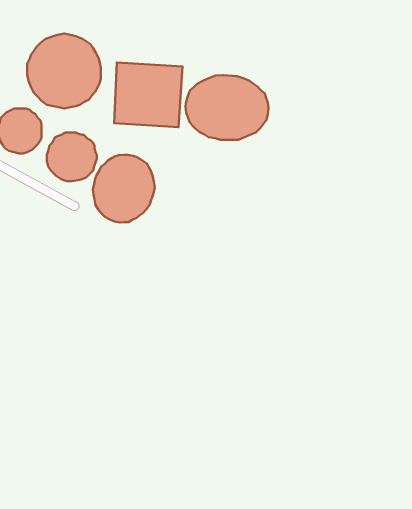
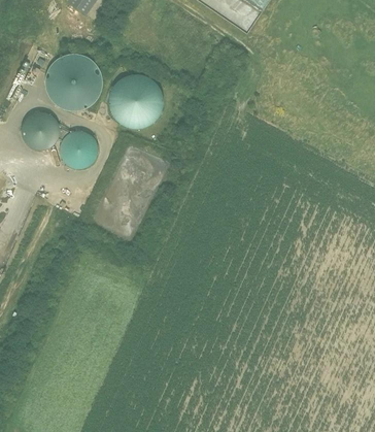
building: [186,75,269,140] -> none
building: [93,155,155,222] -> none

